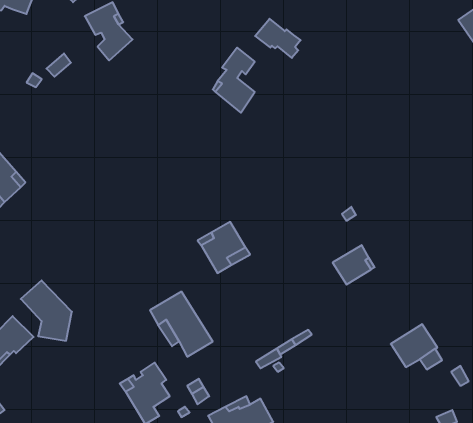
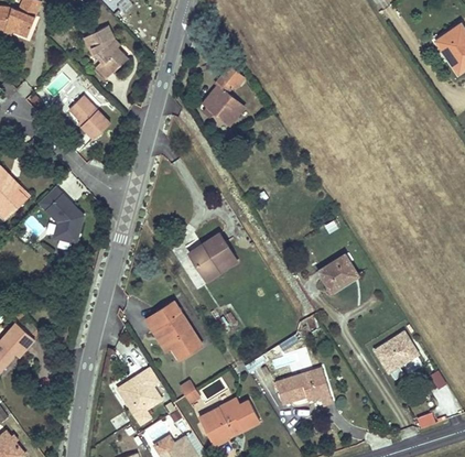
building: [255,19,301,58] -> none
building: none -> [68,95,108,141]
building: [21,280,72,341] -> [37,186,86,243]
building: none -> [277,370,334,404]

